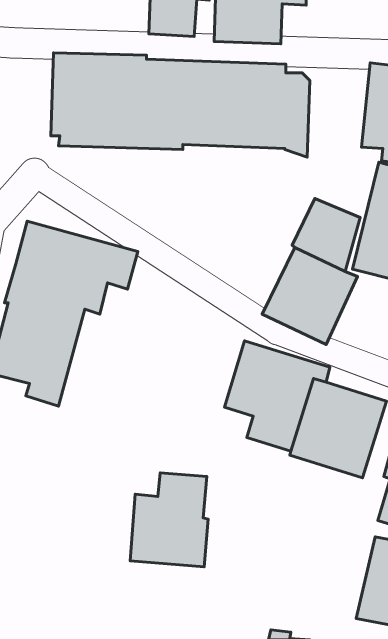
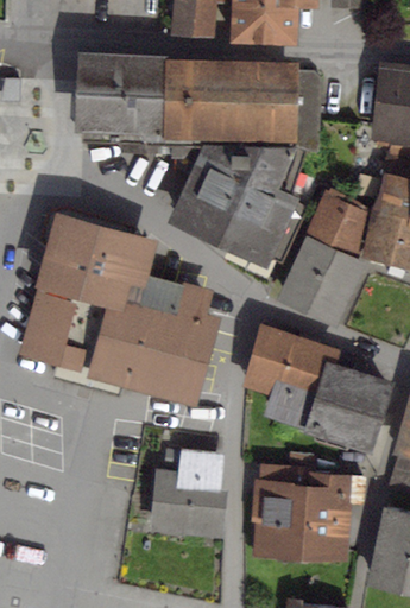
building: none -> [168,139,305,267]
building: none -> [84,270,221,407]
building: none -> [251,464,367,560]

